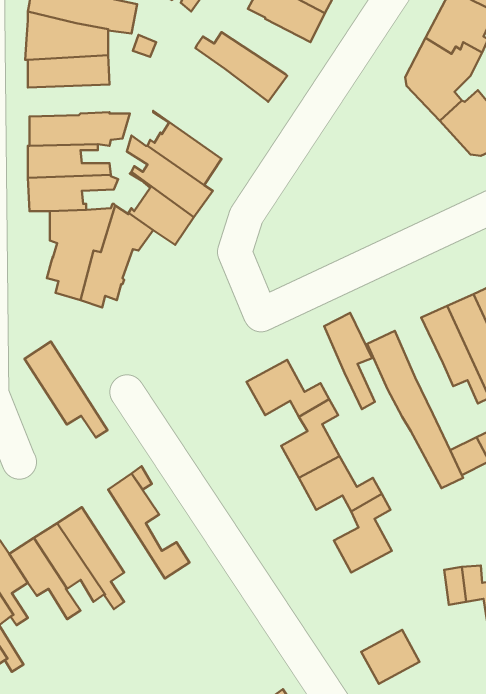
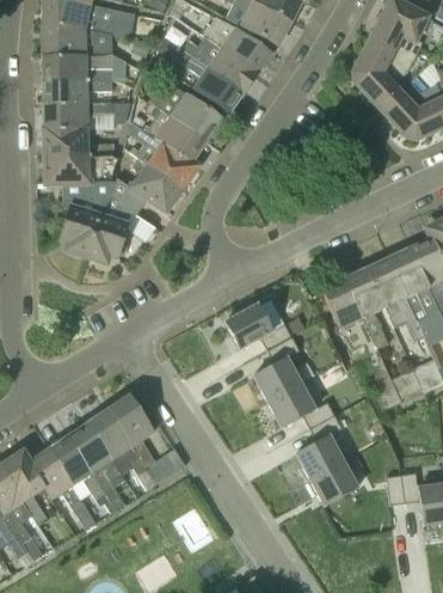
building: none -> [201,16,270,69]
building: none -> [171,42,241,110]
building: none -> [45,78,112,104]
building: none -> [148,84,220,139]
building: [324,313,375,409] -> [346,269,388,348]
building: [25,341,108,438] -> [90,410,158,489]
building: [361,630,420,684] -> [310,460,358,505]

